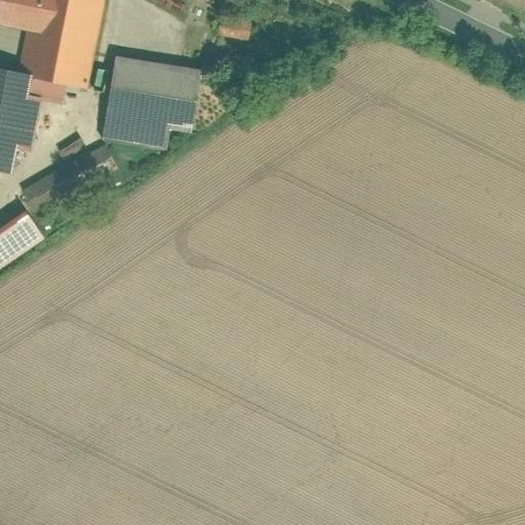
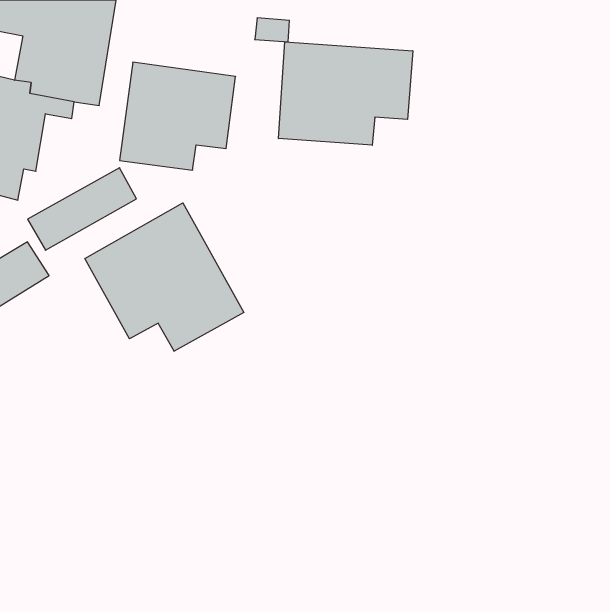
building: none -> [279,42,413,145]
building: none -> [85,203,244,351]

